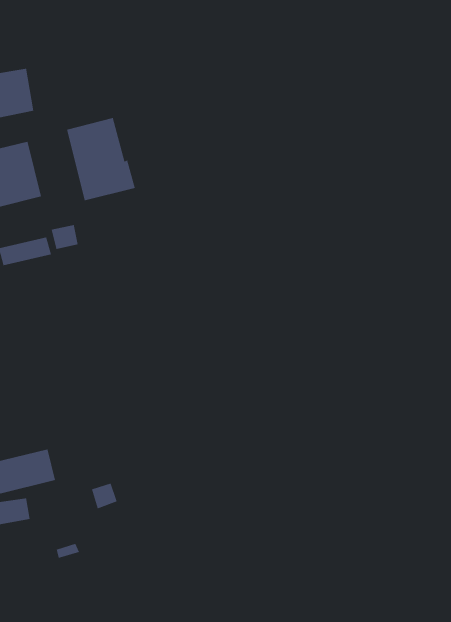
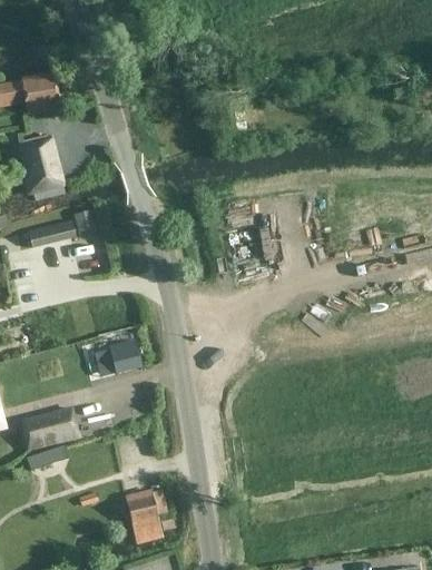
building: [66,117,135,201] -> none
building: none -> [96,336,139,370]
building: none -> [125,490,160,535]

